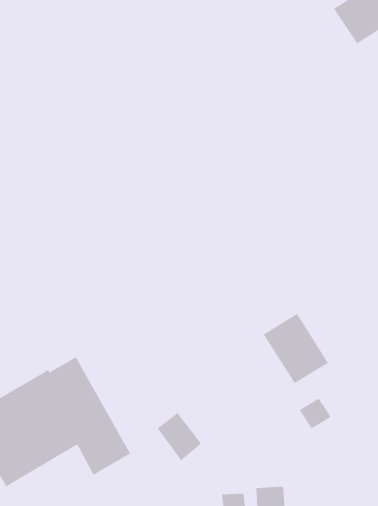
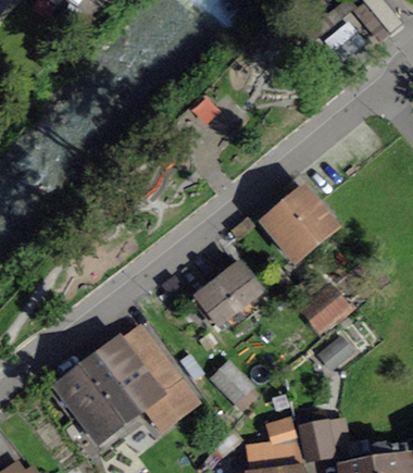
building: none -> [271,197,329,254]
building: none -> [191,264,260,326]

